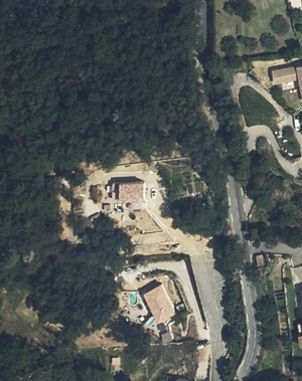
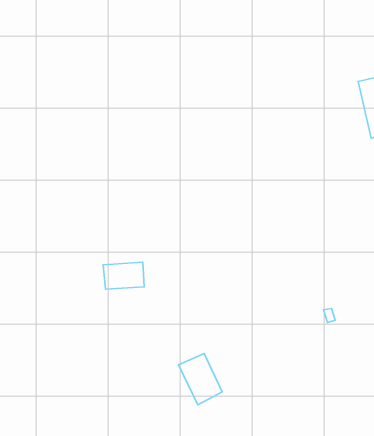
building: [112,181,144,202] -> [103,262,144,289]

